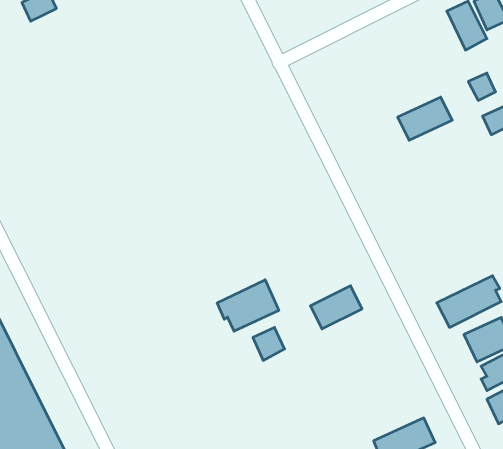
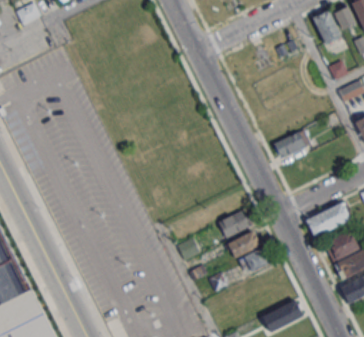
building: [398,97,452,140] -> [273,129,311,159]
building: [217,280,279,331] -> none
building: none -> [226,230,269,275]

